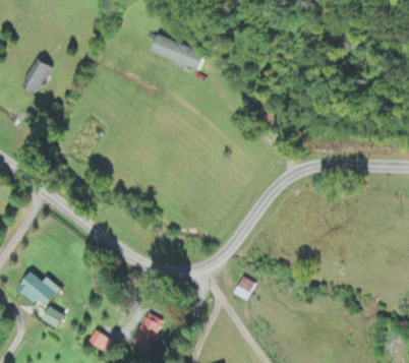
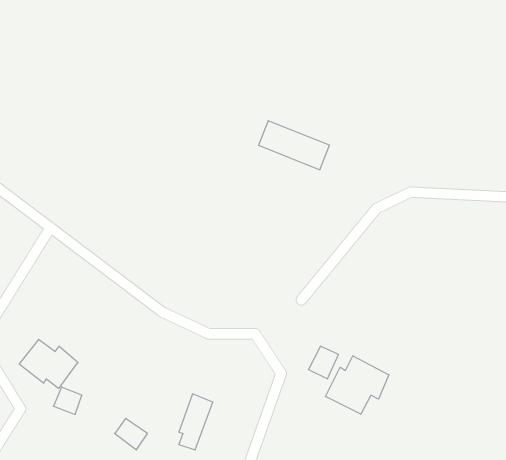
building: [150,34,202,70] -> [259,121,330,170]
building: [21,57,52,93] -> none
building: none -> [325,356,389,414]

